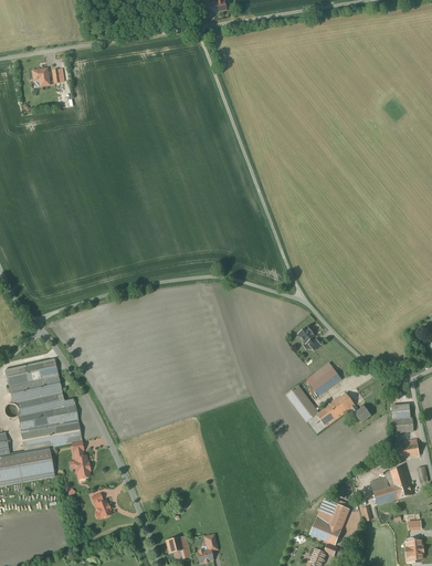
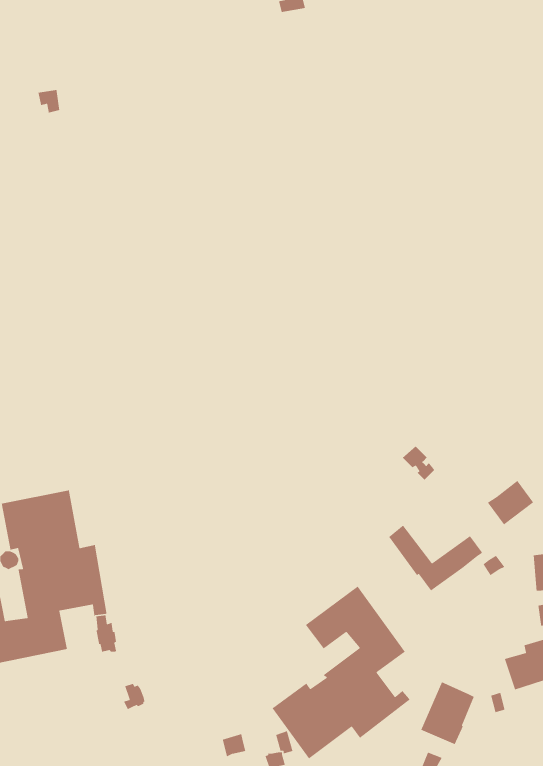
building: [307,361,341,395] -> [487,480,534,525]
building: none -> [271,585,411,759]

